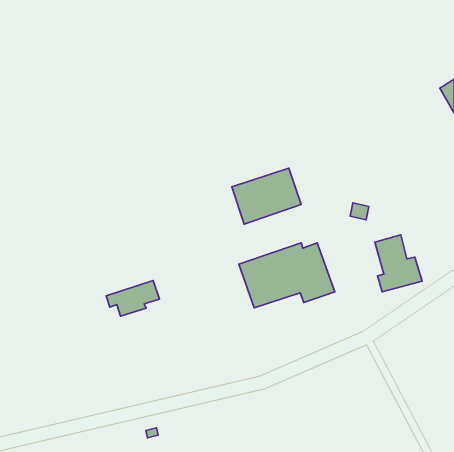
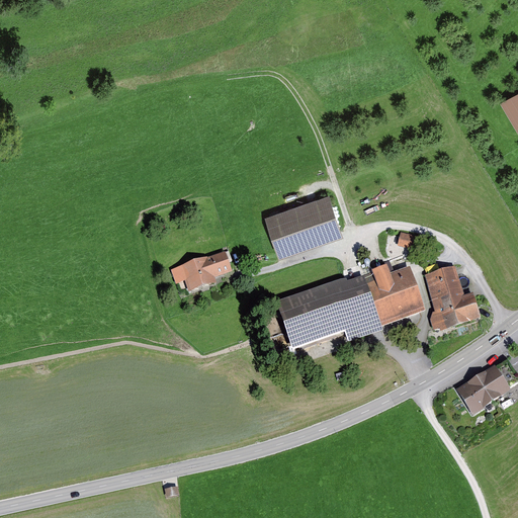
building: none -> [366,263,424,326]
building: [106,281,159,316] -> [172,252,233,292]
building: none -> [457,363,512,413]

